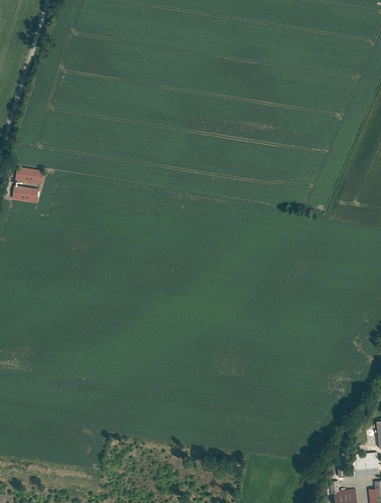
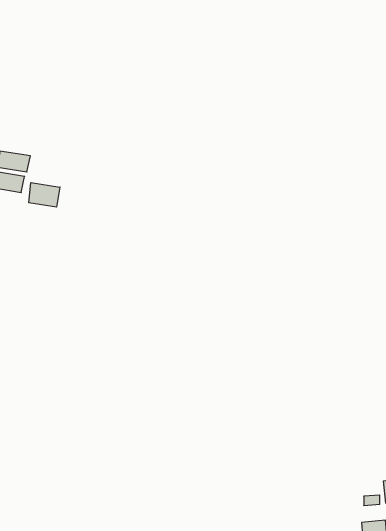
building: none -> [29,183,60,207]

